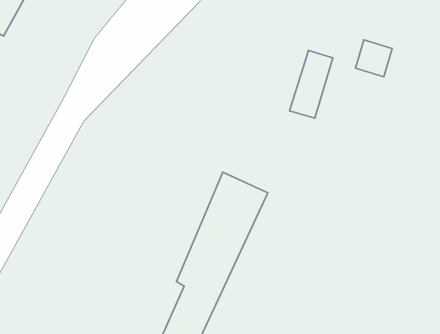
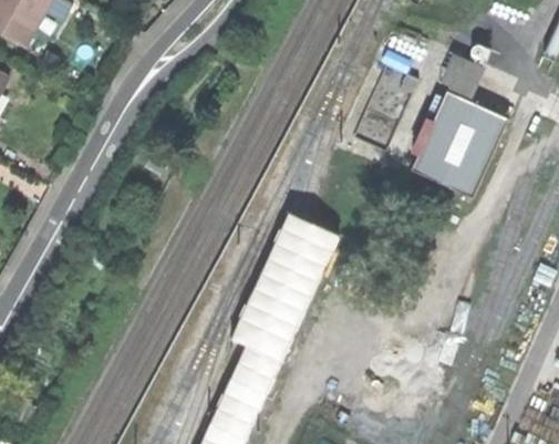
building: none -> [407,89,506,195]

